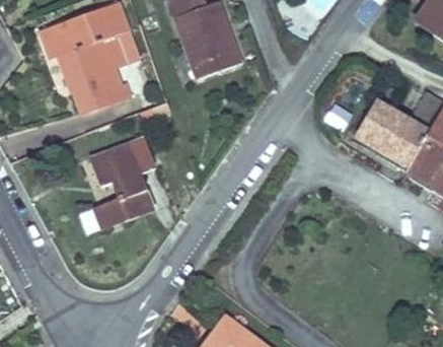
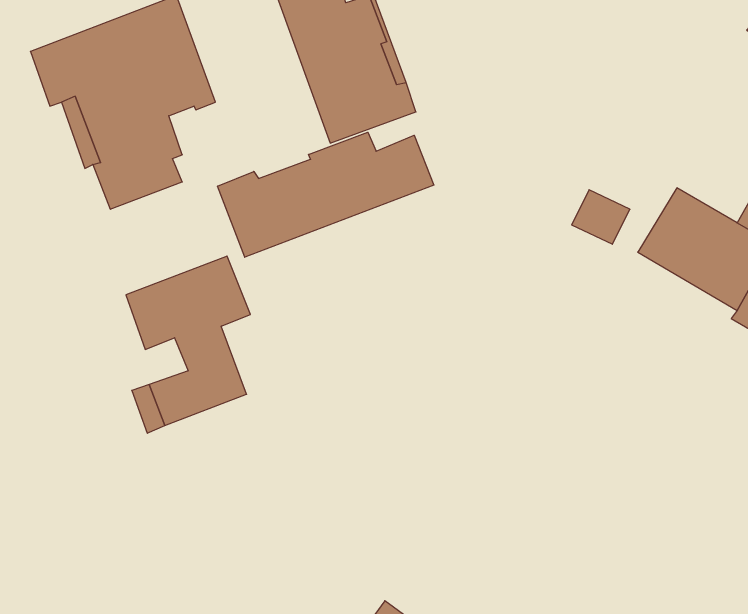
building: none -> [218,132,434,257]

